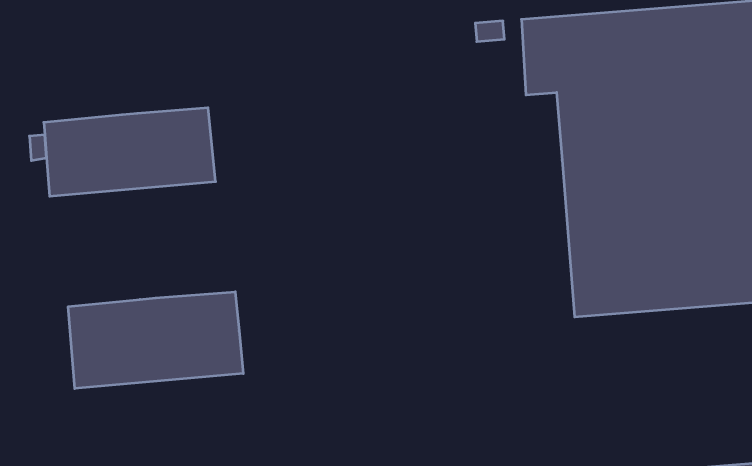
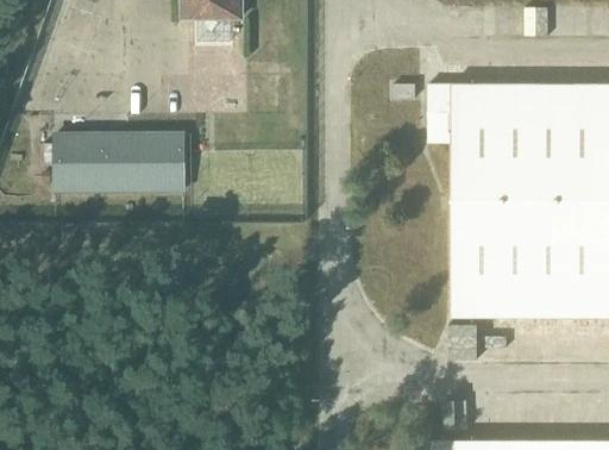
building: [68,292,243,389] -> none

